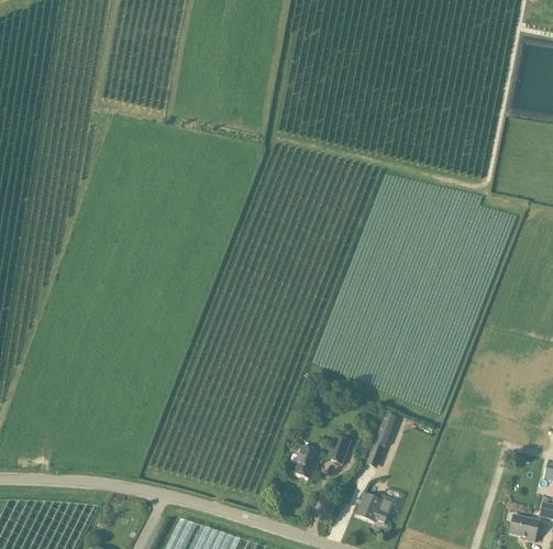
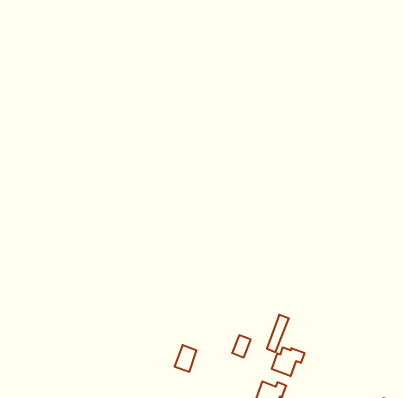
building: [292,444,320,477] -> [174,345,197,372]
building: none -> [272,347,304,376]

